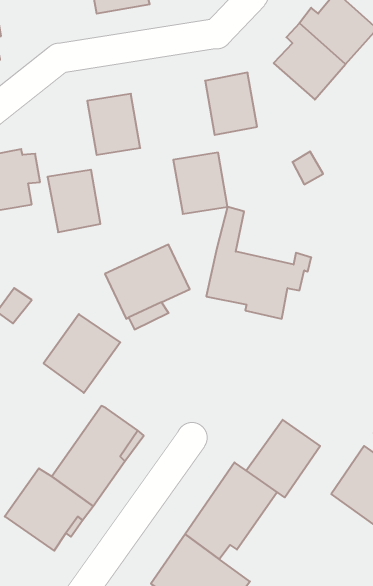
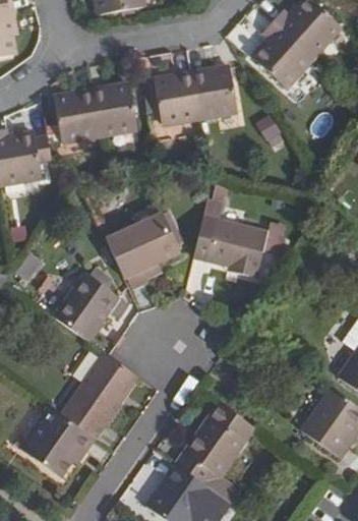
building: [173,153,228,214] -> [154,72,200,125]
building: [47,170,100,232] -> [53,90,99,143]
building: [246,420,320,497] -> none

